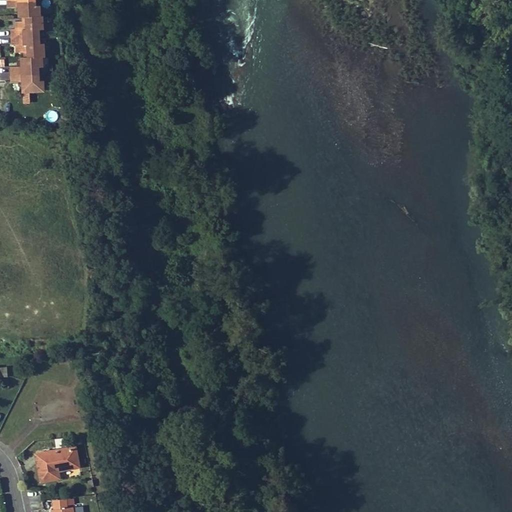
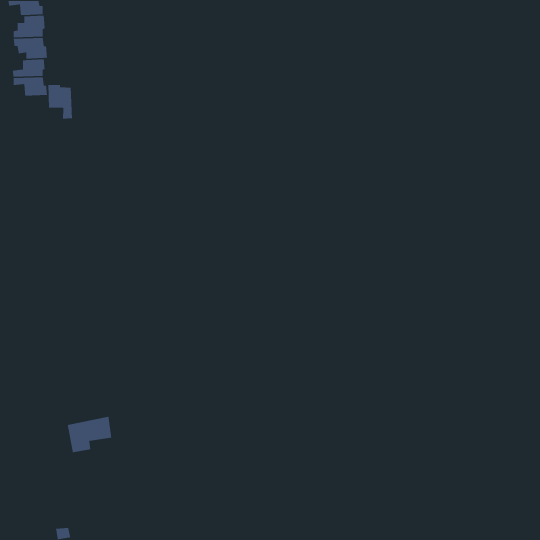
building: none -> [48,84,73,119]
building: [34,447,77,482] -> [67,416,112,453]

